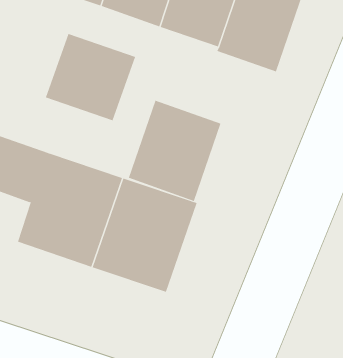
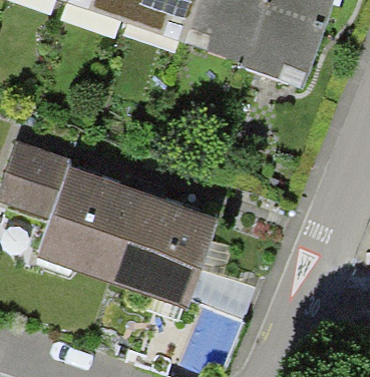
building: [45,33,136,121] -> none
building: [128,100,221,202] -> none

